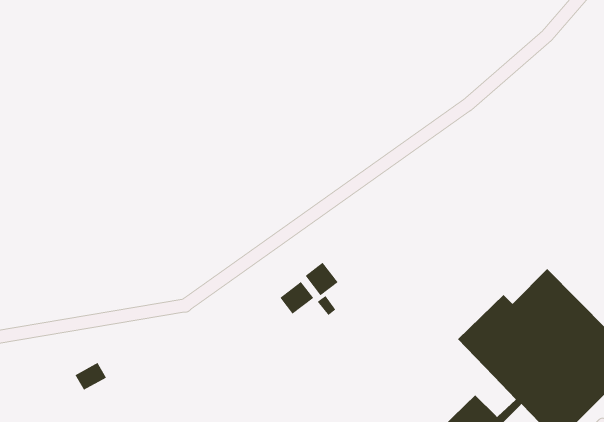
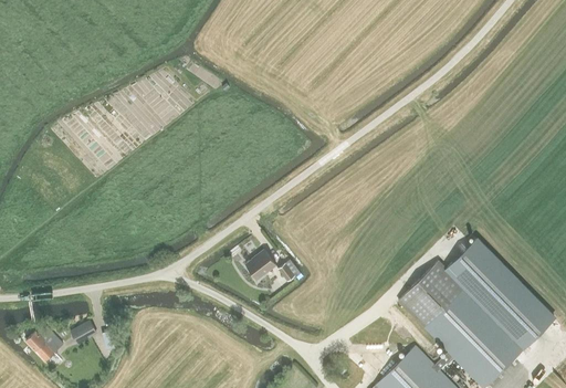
building: [305,262,338,296] -> none
building: none -> [27,323,64,360]

